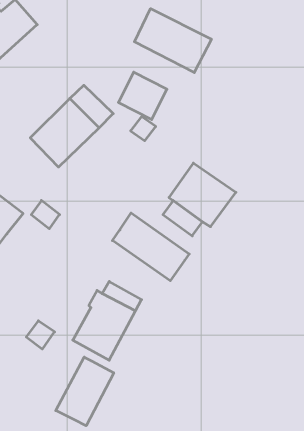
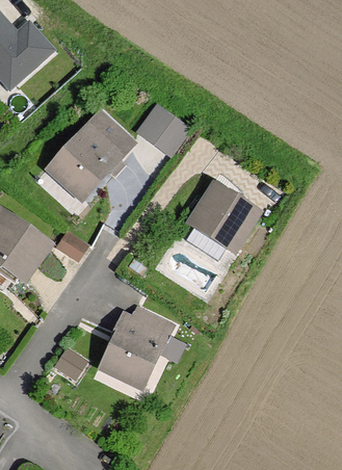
building: [134,9,211,73] -> none
building: [112,213,189,281] -> none
building: [56,357,114,426] -> none

